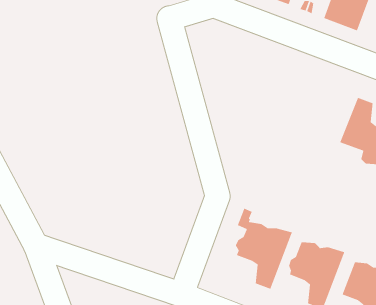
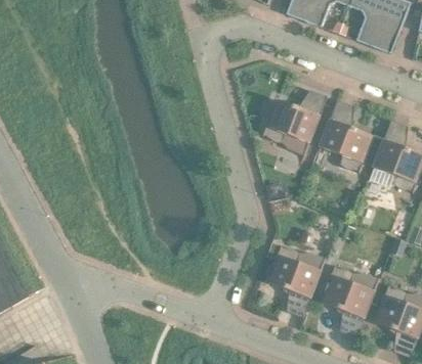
building: none -> [261,90,326,165]
building: none -> [315,100,372,173]

